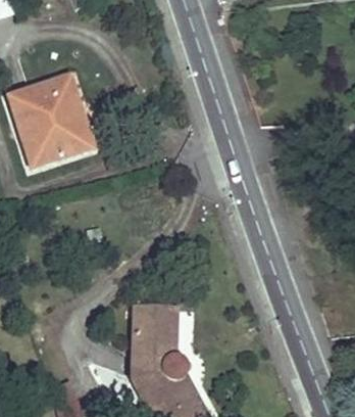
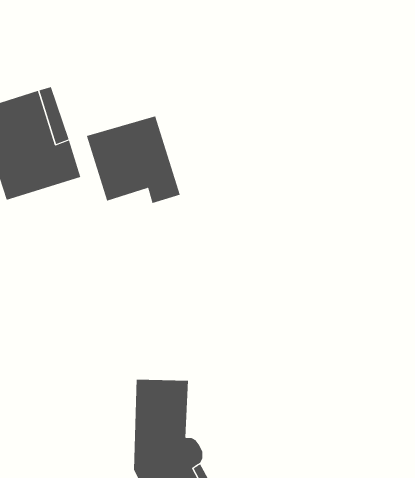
building: none -> [86,115,180,204]

